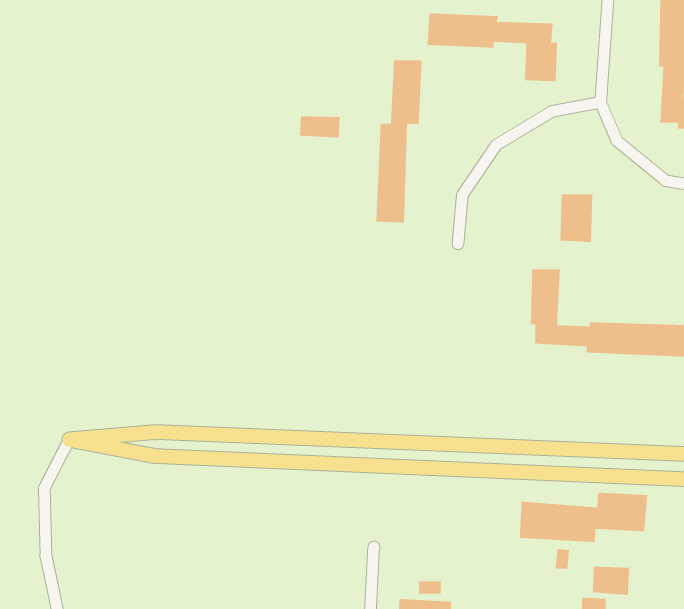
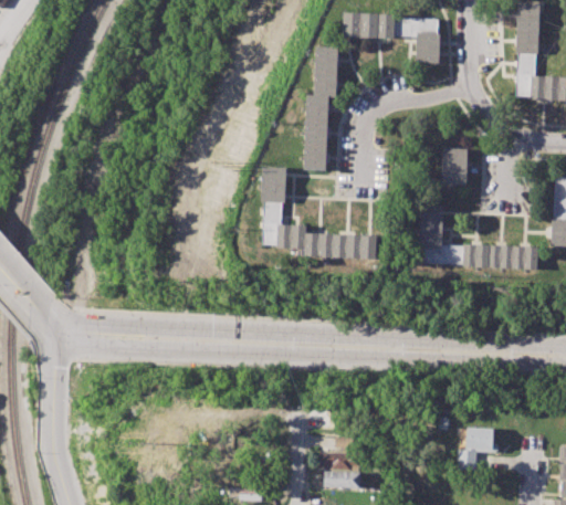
building: [300,116,340,138] -> none
building: none -> [262,167,378,259]
building: [519,492,648,543] -> none

